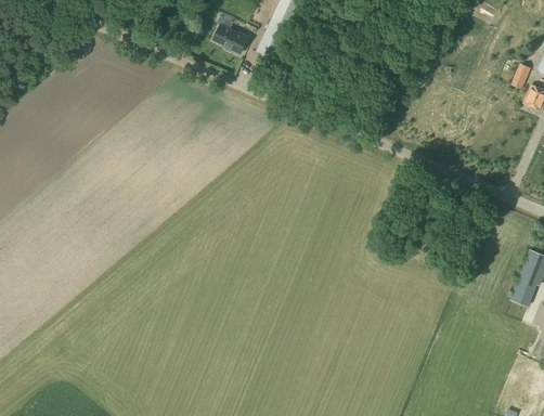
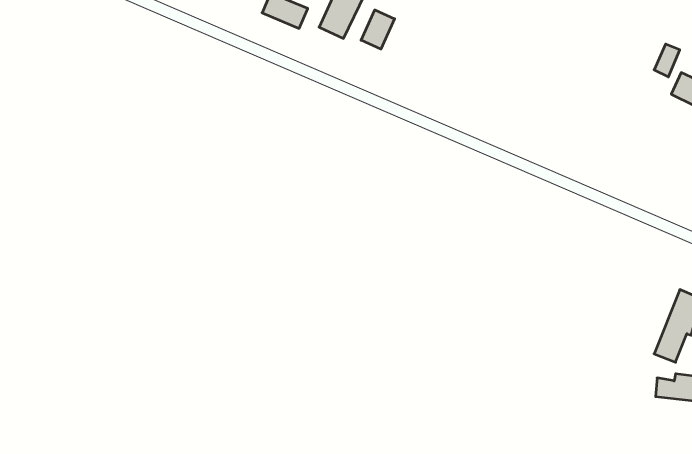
building: none -> [361,10,395,49]

